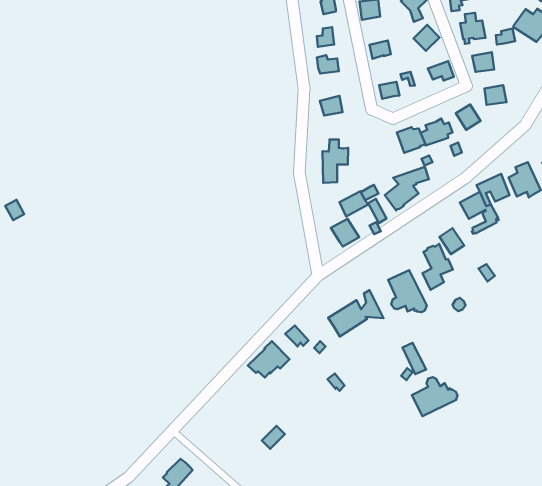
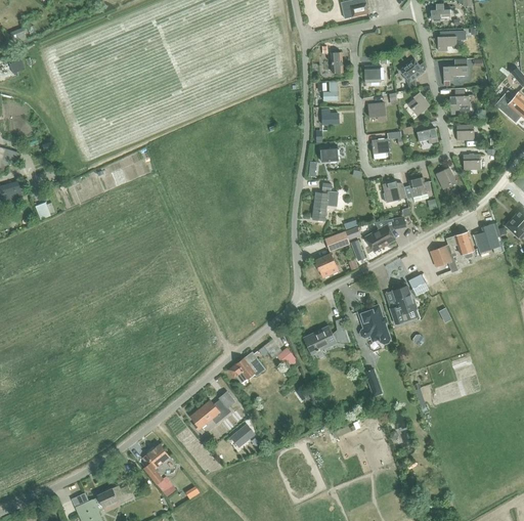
building: [412,377,458,416] -> none
building: none -> [190,392,235,431]

